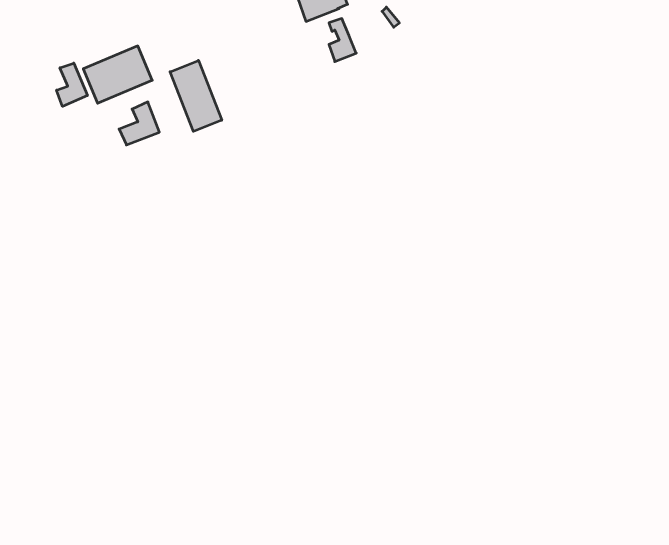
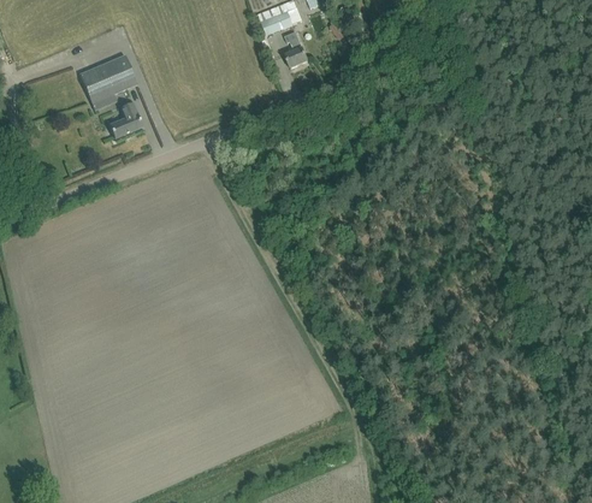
building: [170,60,222,131] -> none
building: [57,63,87,106] -> none

